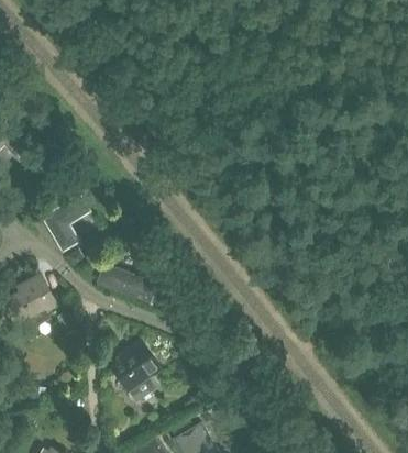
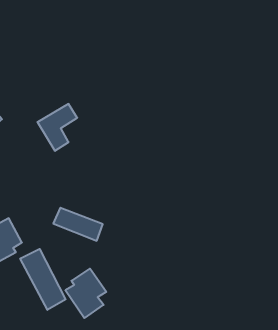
building: [40,195,90,254] -> [37,104,77,151]
building: none -> [20,249,66,310]

